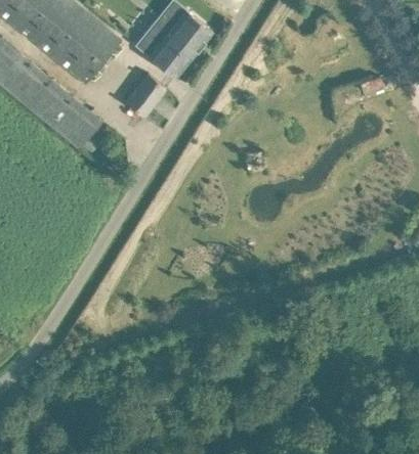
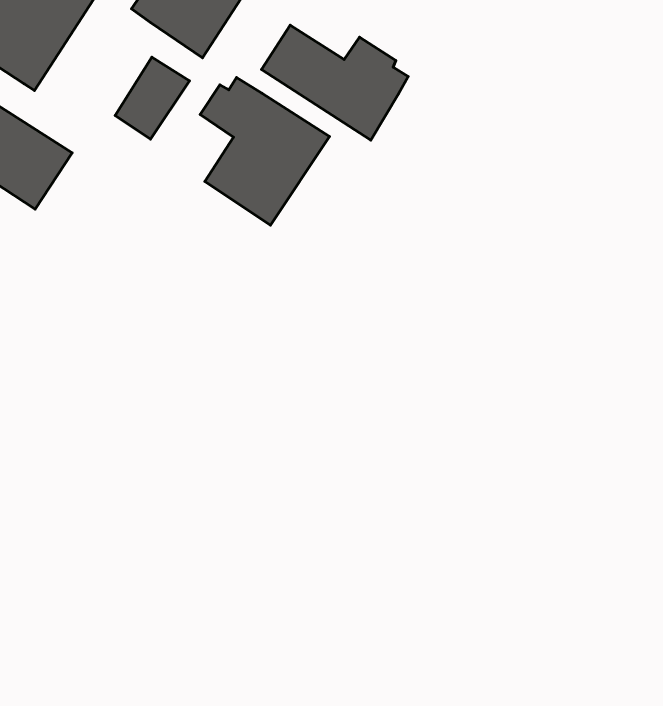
building: none -> [261,25,408,140]
building: none -> [200,78,330,225]

